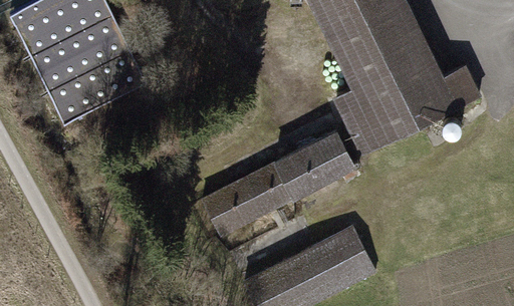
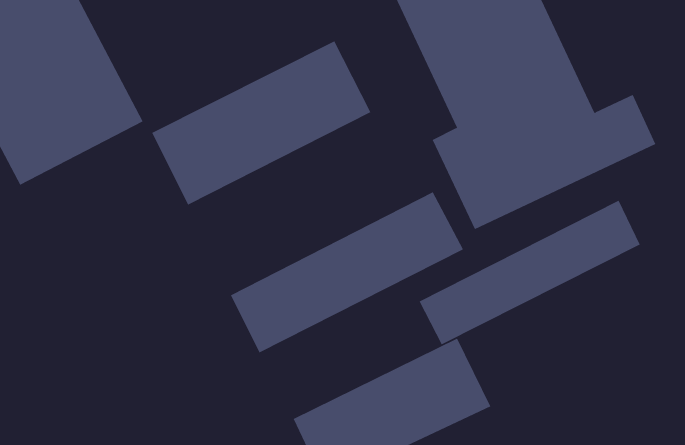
building: none -> [152,41,371,205]
building: none -> [419,200,641,345]

